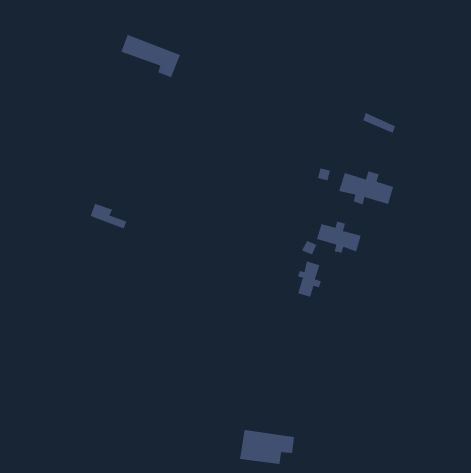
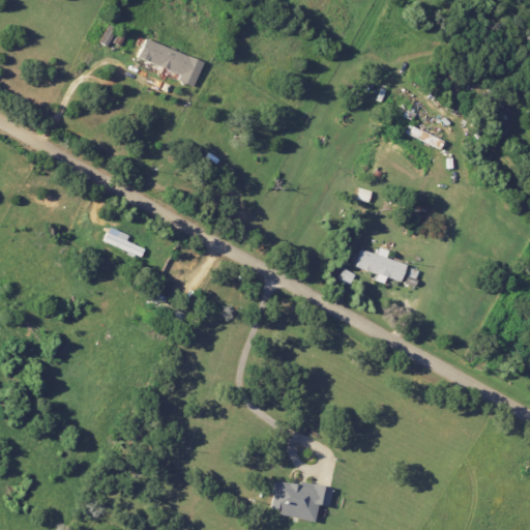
building: [339,171,394,205] -> none
building: [297,261,321,298] -> none

